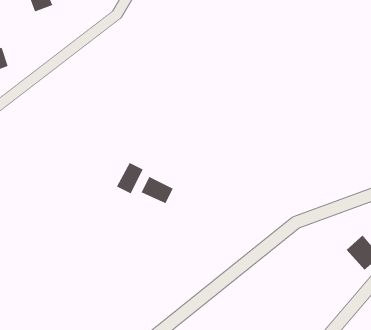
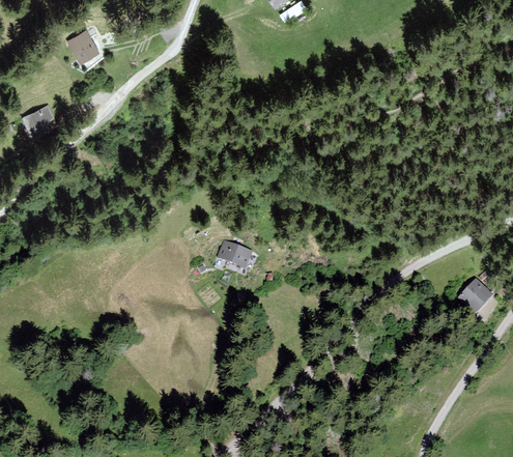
building: [116,162,144,194] -> none

